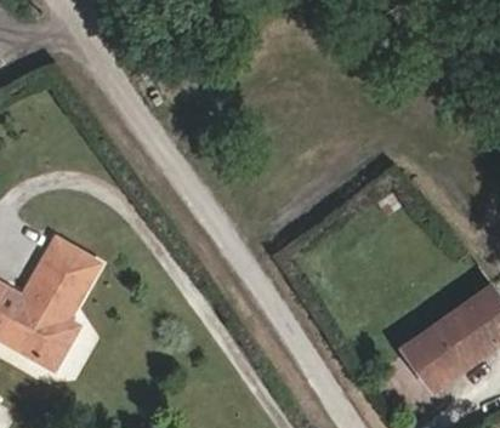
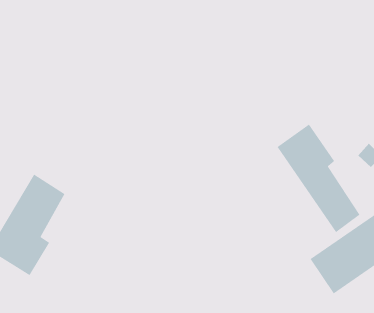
building: none -> [276,123,360,233]

